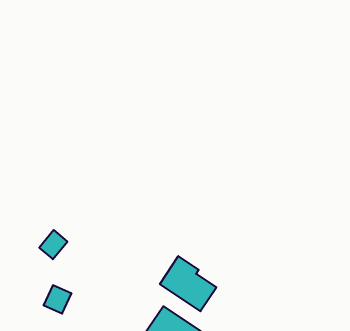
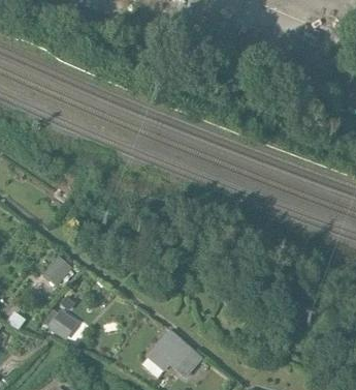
building: [160,256,216,311] -> none

